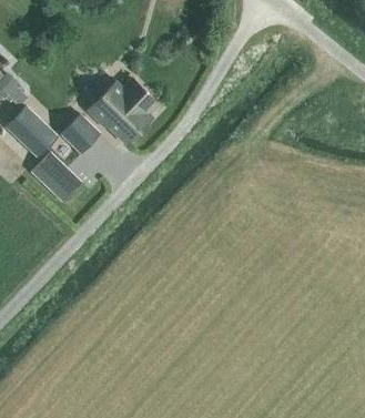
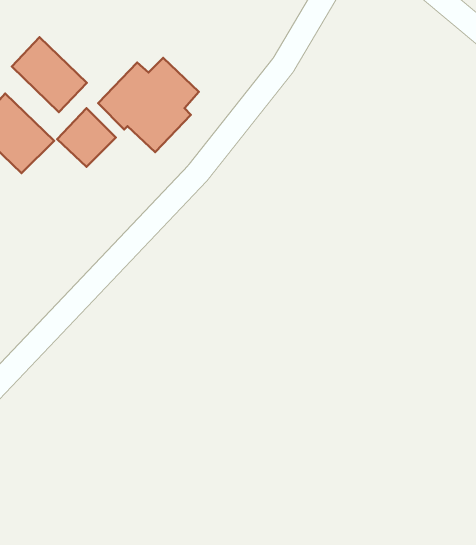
building: [31,152,82,203] -> [12,37,87,112]

